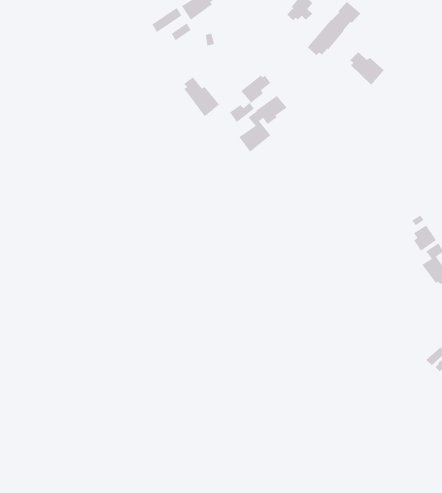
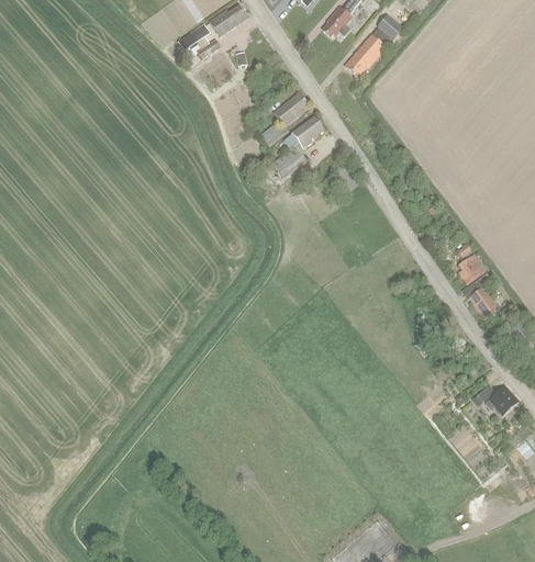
building: [350,51,384,86] -> none
building: [183,77,220,117] -> none

